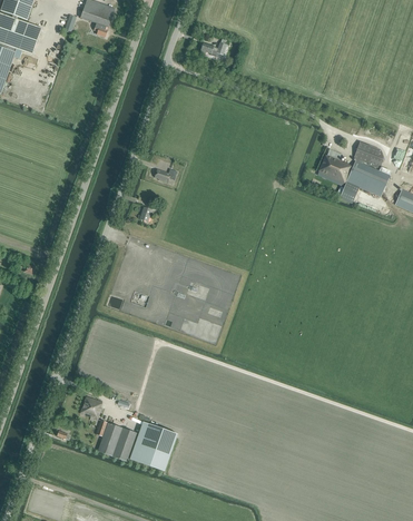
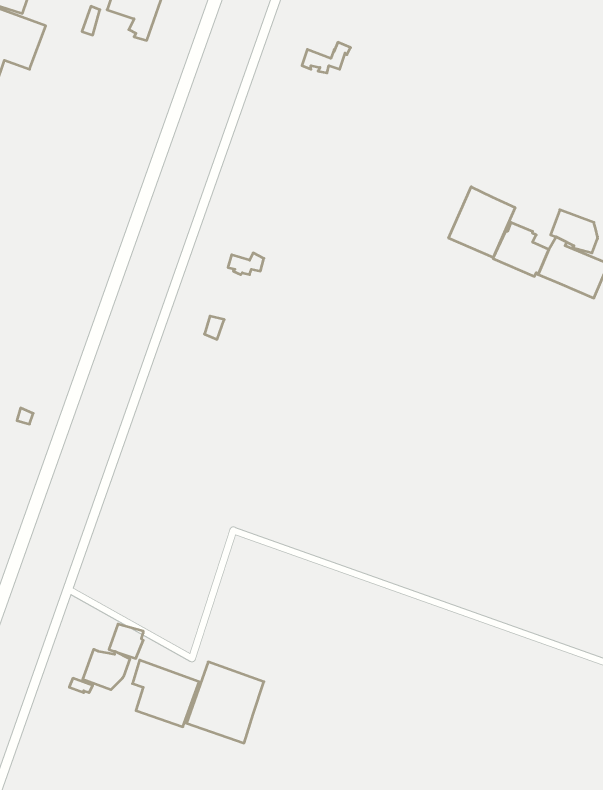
building: none -> [449,187,515,258]
building: none -> [83,649,130,690]

